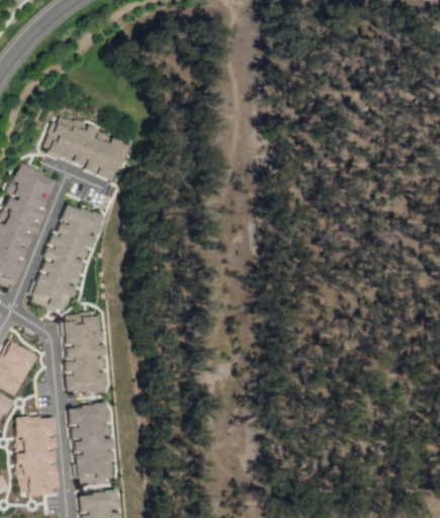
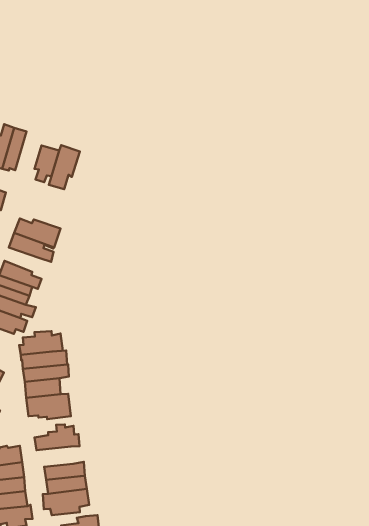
building: [68,124,97,166] -> none
building: [52,232,85,257] -> none
building: [69,422,102,439] -> none

